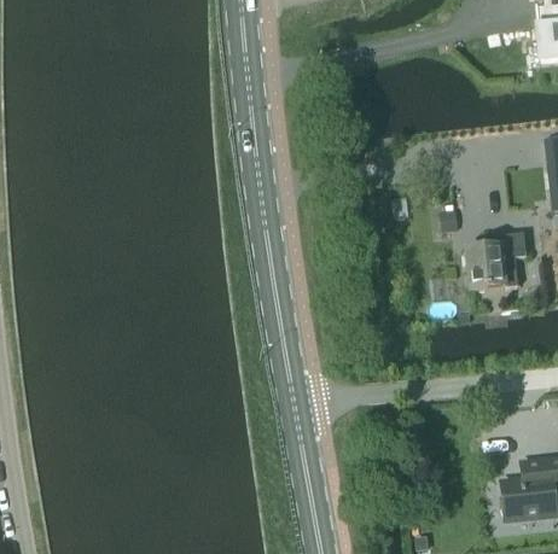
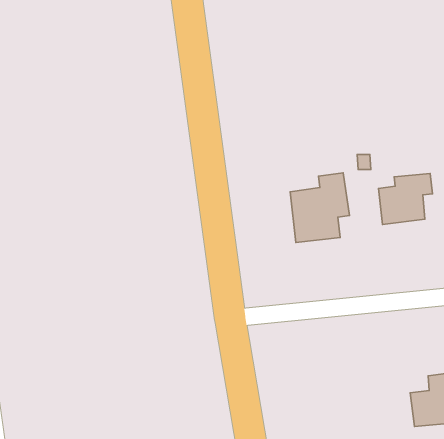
building: none -> [290,173,350,243]

